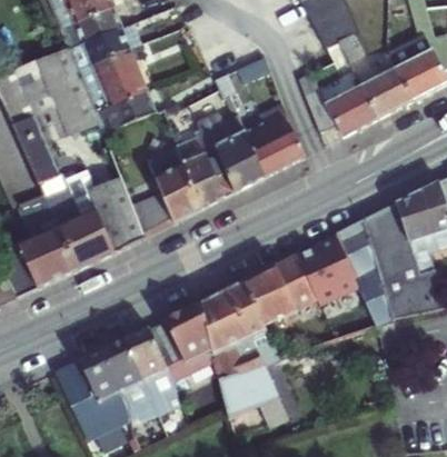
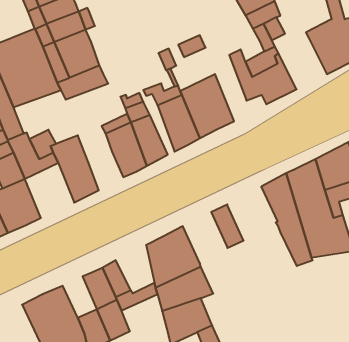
building: [360,59,413,119] -> none
building: [132,192,173,238] -> none
building: [58,206,117,270] -> none
building: [296,235,355,297] -> none
building: [244,264,297,324] -> none
building: [165,302,210,359] -> none
building: [102,339,142,388] -> none

